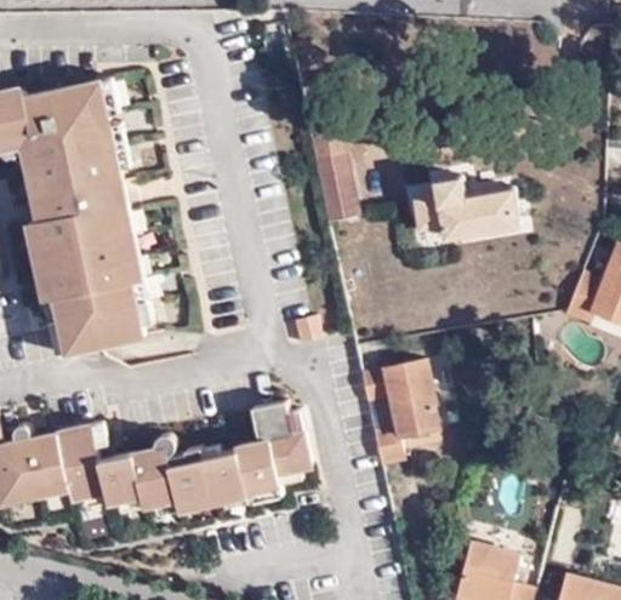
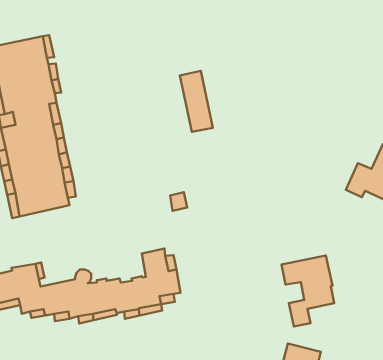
building: [420,181,518,240] -> none
building: [357,362,435,469] -> [282,256,334,326]

